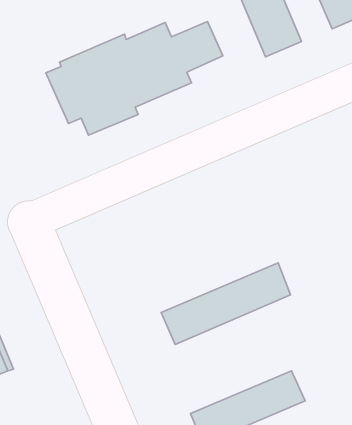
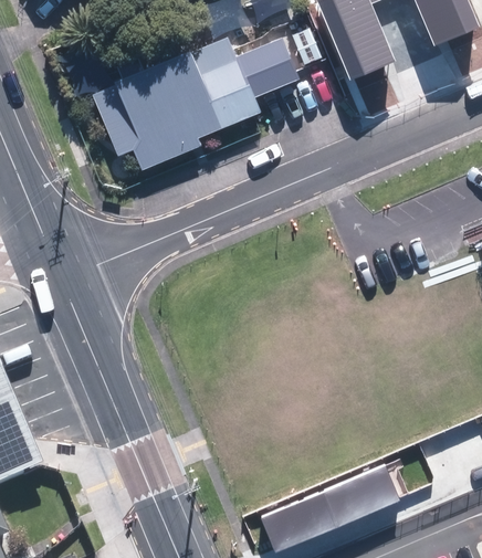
building: [161,263,291,344] -> none

